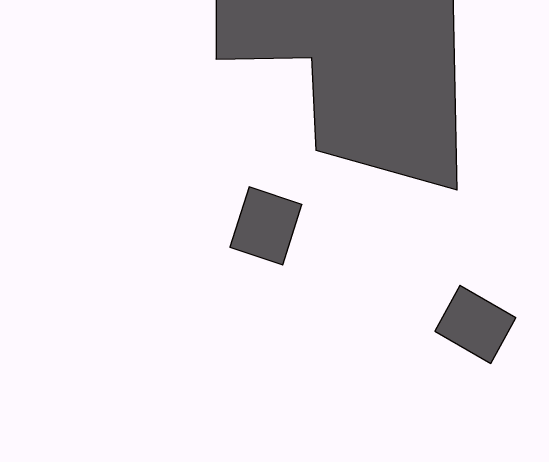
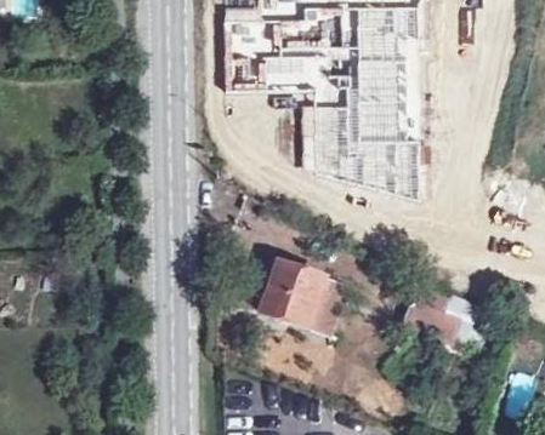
building: [230,187,302,265] -> [267,262,327,326]

